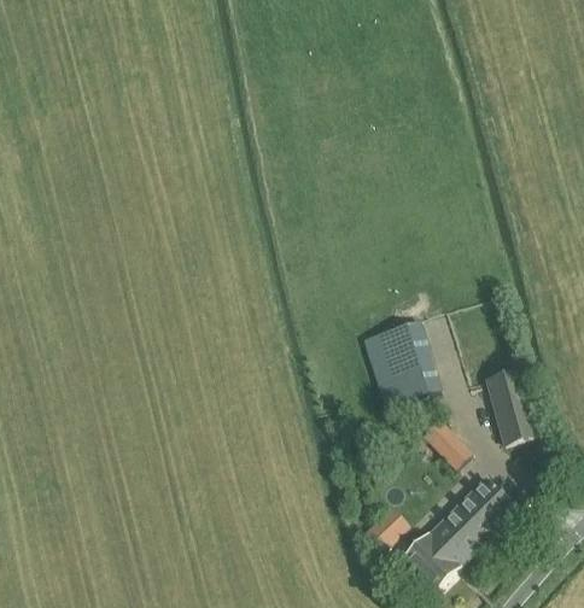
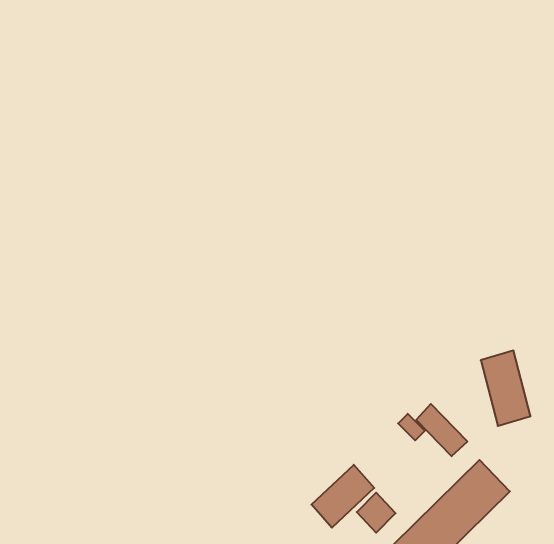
building: [364,320,439,407] -> none
building: none -> [311,465,374,528]

